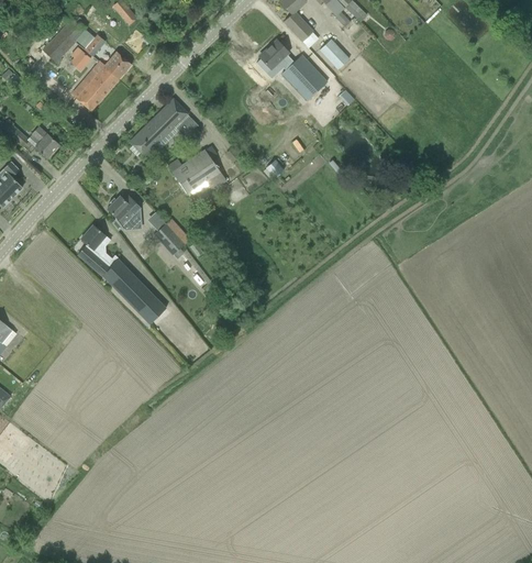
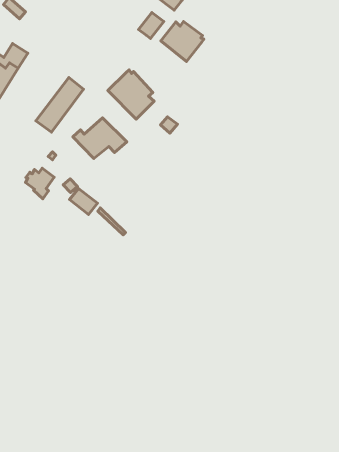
building: [319,38,348,69] -> none
building: none -> [108,70,154,119]
building: [77,224,166,323] -> none

